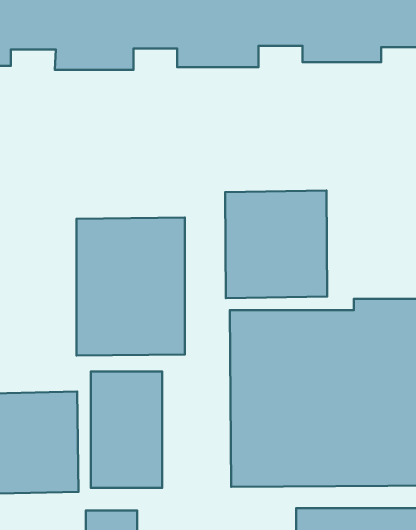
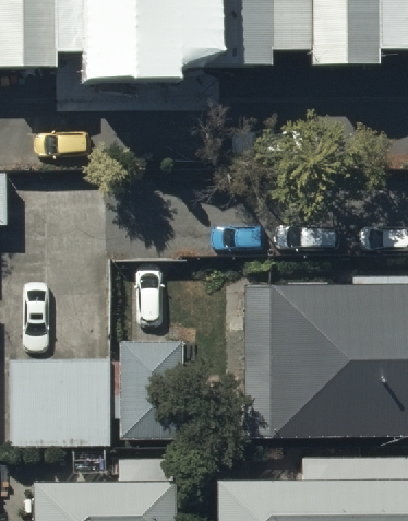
building: [225,191,327,298] -> none
building: [76,217,185,356] -> none

